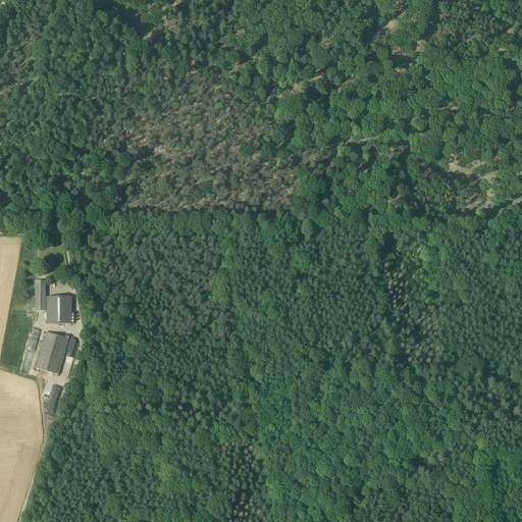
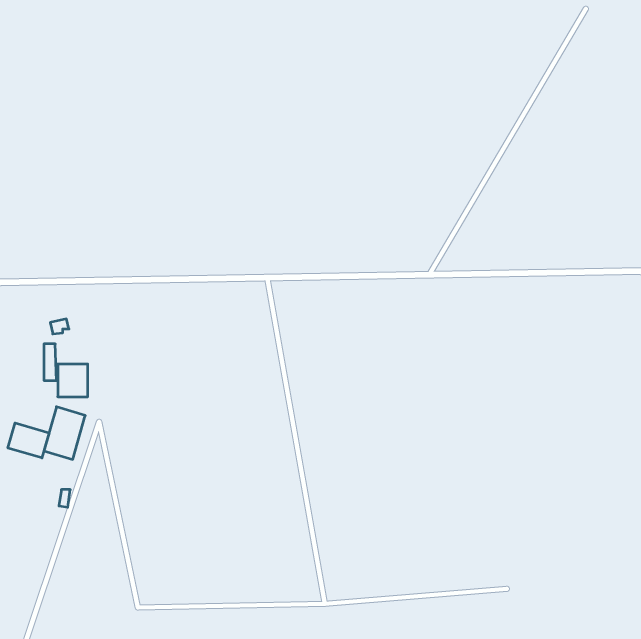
building: none -> [8,423,49,458]

